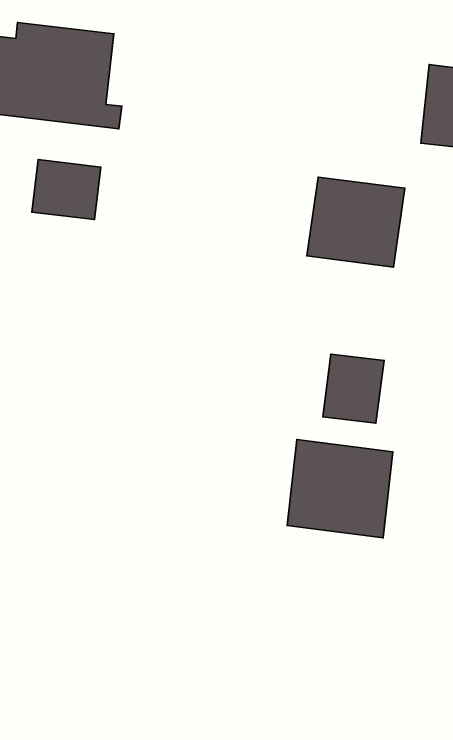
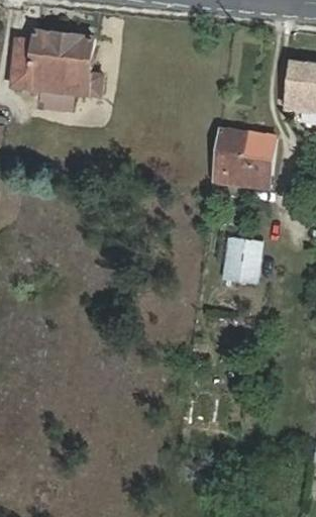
building: [32,159,101,220] -> none
building: [287,440,393,538] -> none

